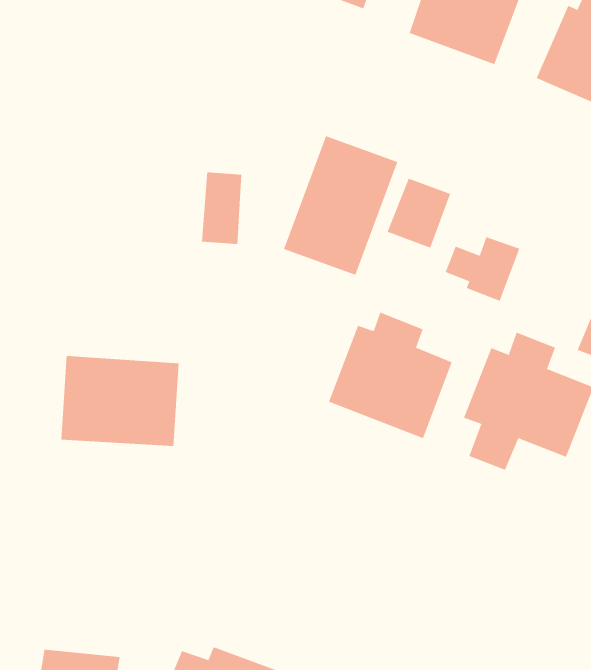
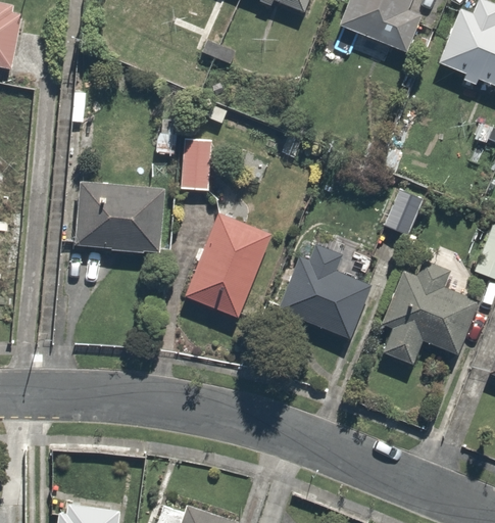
building: [283,136,398,276] -> [186,209,275,318]
building: [387,178,451,248] -> none
building: [60,355,180,447] -> [73,183,165,253]

